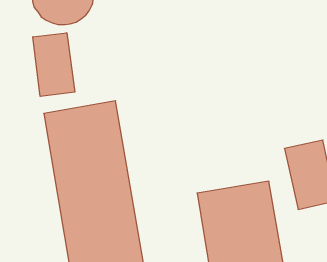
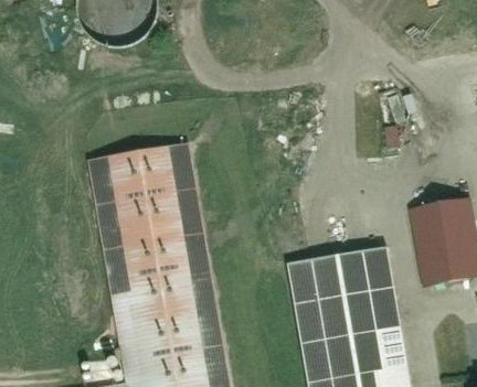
building: [33,33,75,96] -> none

